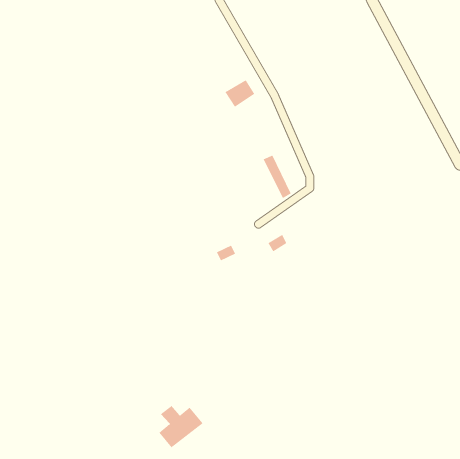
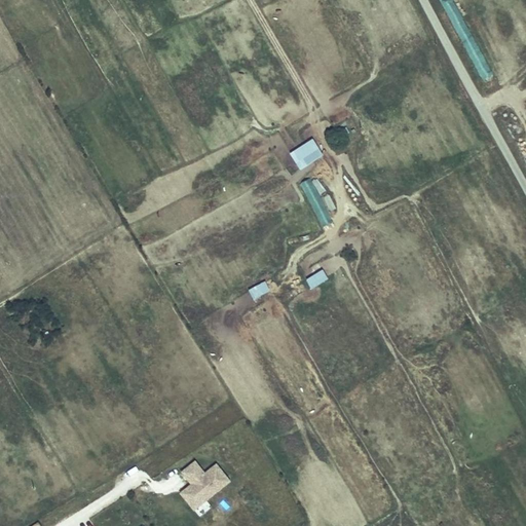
building: [225,79,255,107] -> [288,137,323,168]

